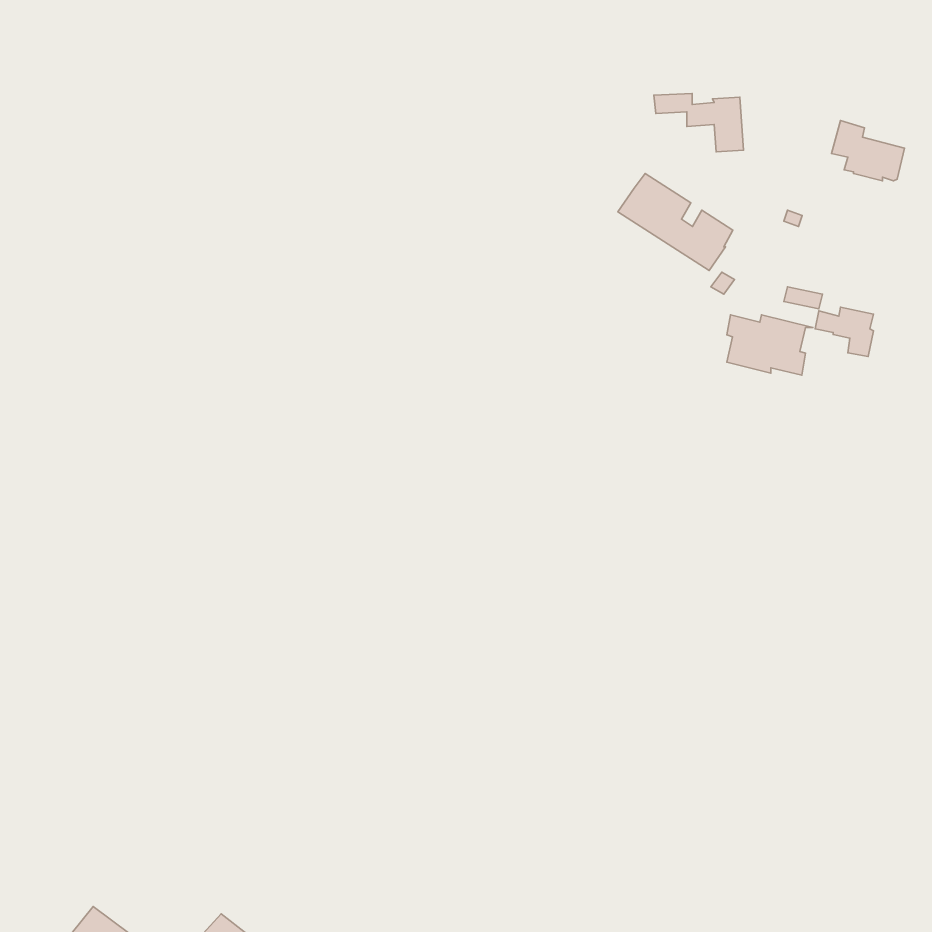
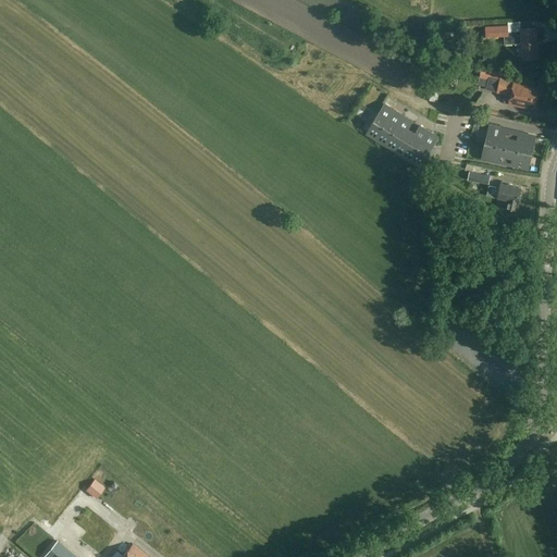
building: [654,93,743,152] -> [484,26,537,61]
building: [727,315,813,375] -> [484,131,535,166]

